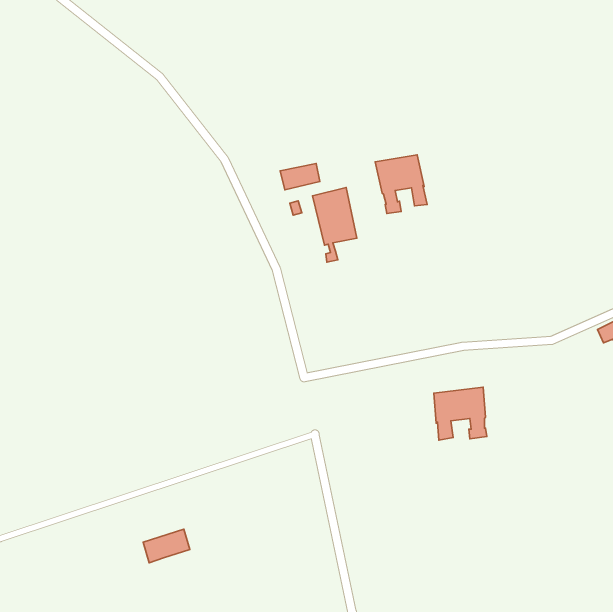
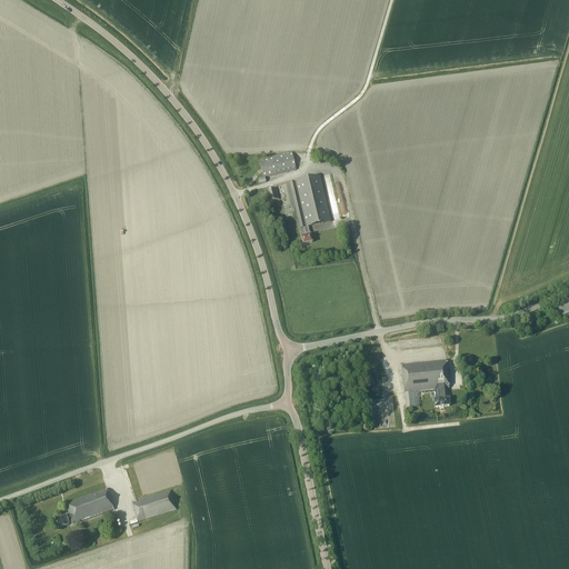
building: [375,155,427,213] -> none
building: none -> [56,487,114,525]

